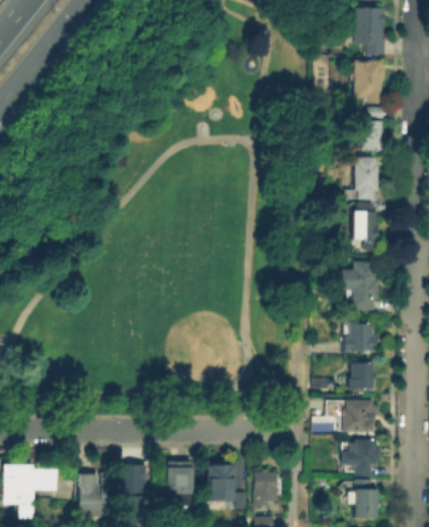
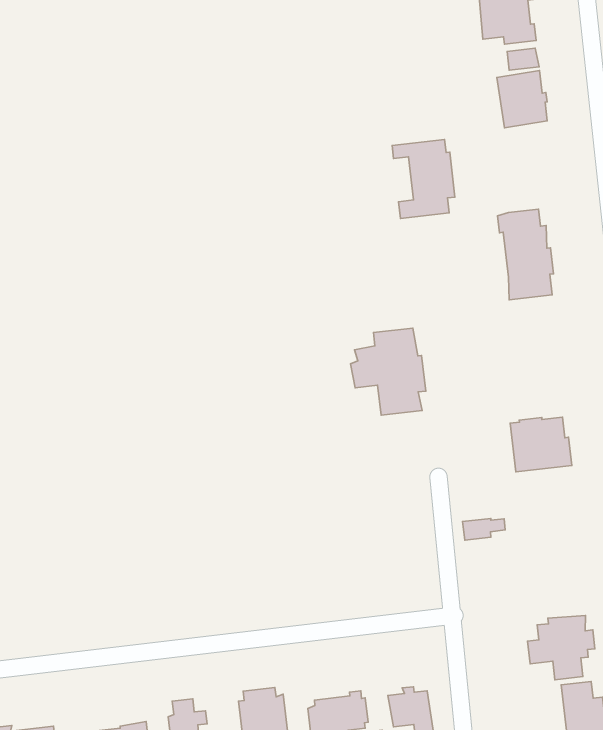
building: [346,157,379,200] -> [392,139,455,219]
building: [337,261,379,310] -> [350,328,426,415]
building: [350,364,377,389] -> none
building: [324,399,373,430] -> none

